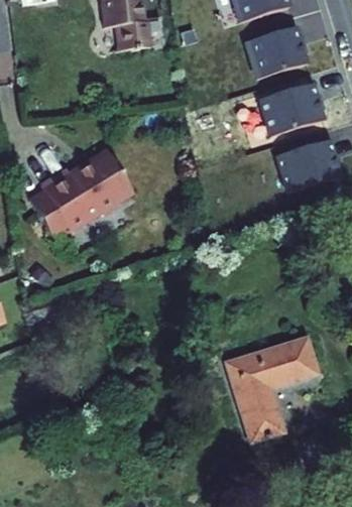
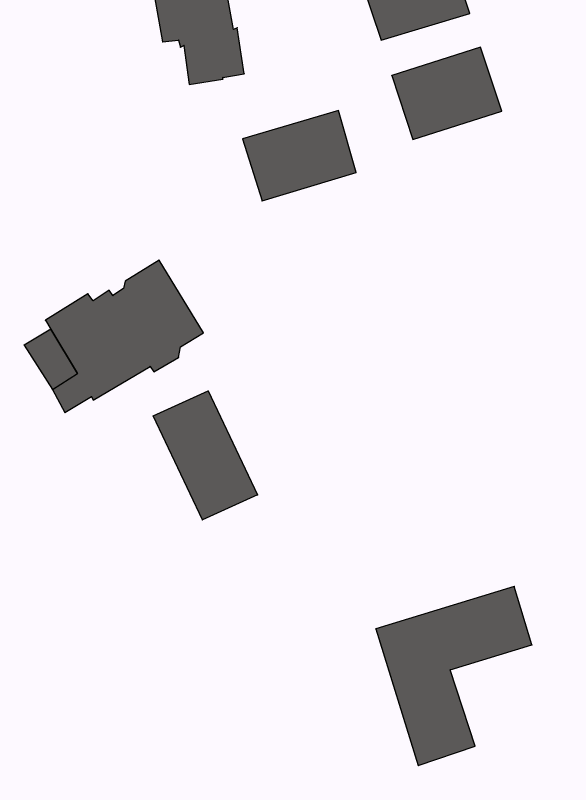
building: [254,86,319,137] -> [243,111,356,201]
building: [271,142,335,197] -> none
building: none -> [153,391,258,520]

